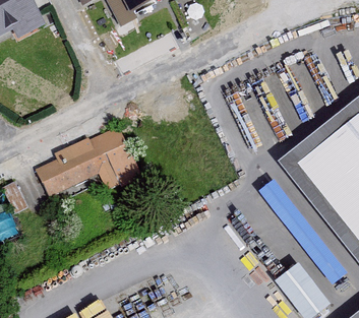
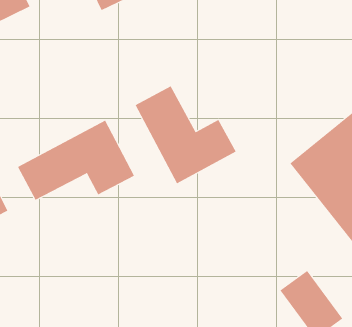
building: none -> [135,86,236,184]

